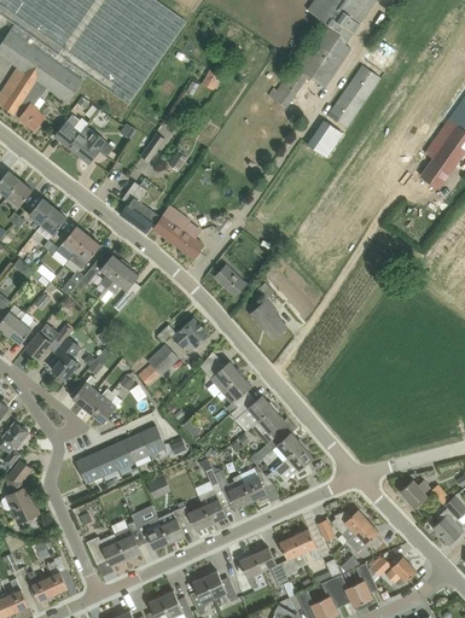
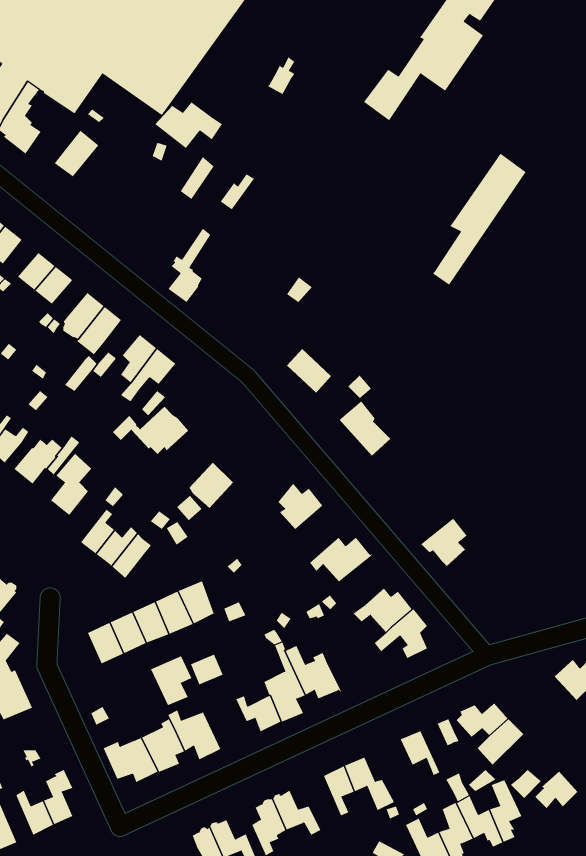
building: [314,64,379,156] -> [432,153,526,286]
building: [66,130,114,163] -> [155,102,223,149]
building: [118,181,145,223] -> none
building: [152,206,203,258] -> none
building: [156,317,209,351] -> [112,406,189,455]
building: [220,372,250,413] -> none
building: [250,408,283,442] -> [420,518,468,567]
building: [239,466,272,501] -> none
building: [157,507,186,542] -> [150,655,192,706]
building: [279,535,306,578] -> none

